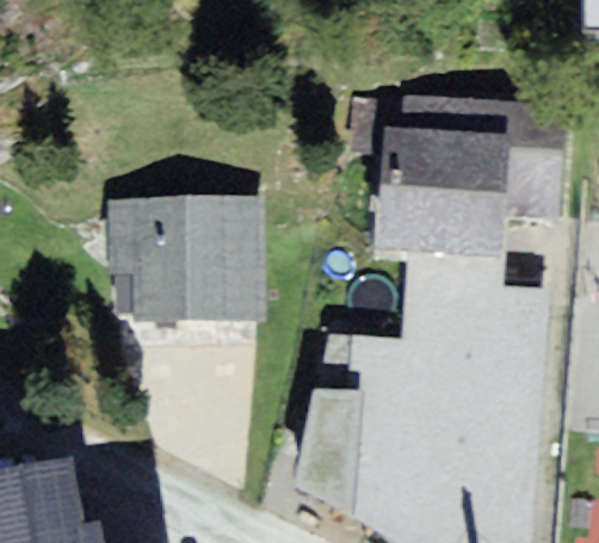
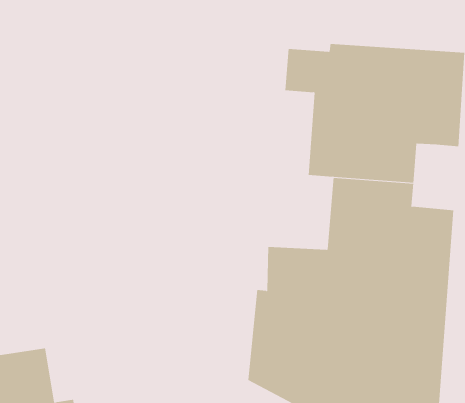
building: [106,197,264,321] -> none

